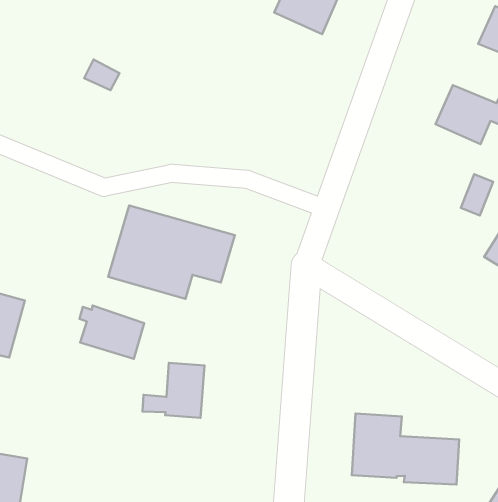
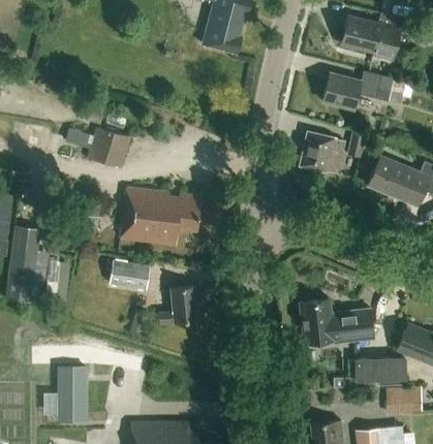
building: none -> [87,128,128,166]
building: none -> [300,132,344,173]

